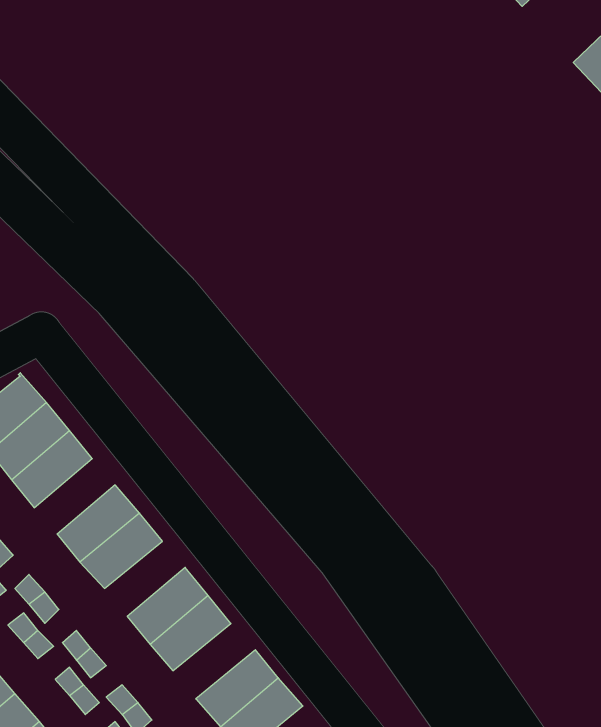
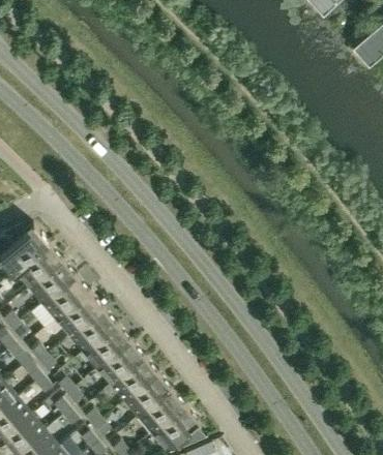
building: none -> [42,275,90,320]
building: none -> [84,324,131,368]
building: none -> [124,372,173,417]

